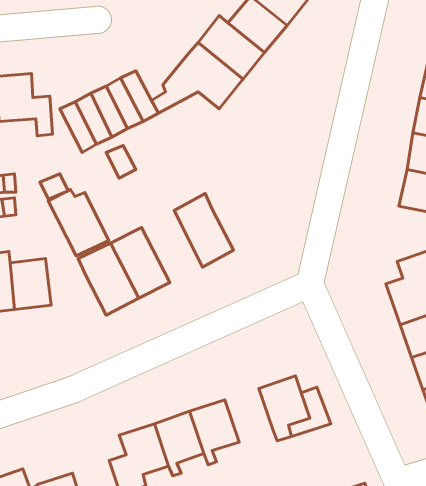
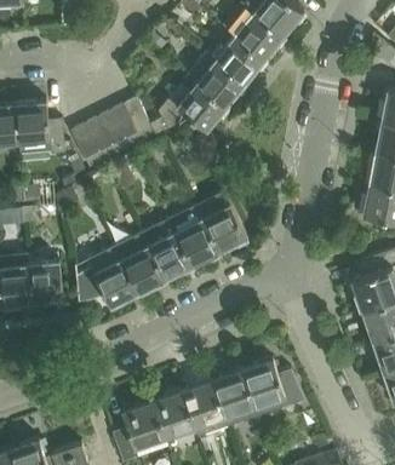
building: [48,190,109,256] -> [142,223,194,280]
building: none -> [202,203,248,252]
building: none -> [213,371,254,425]

